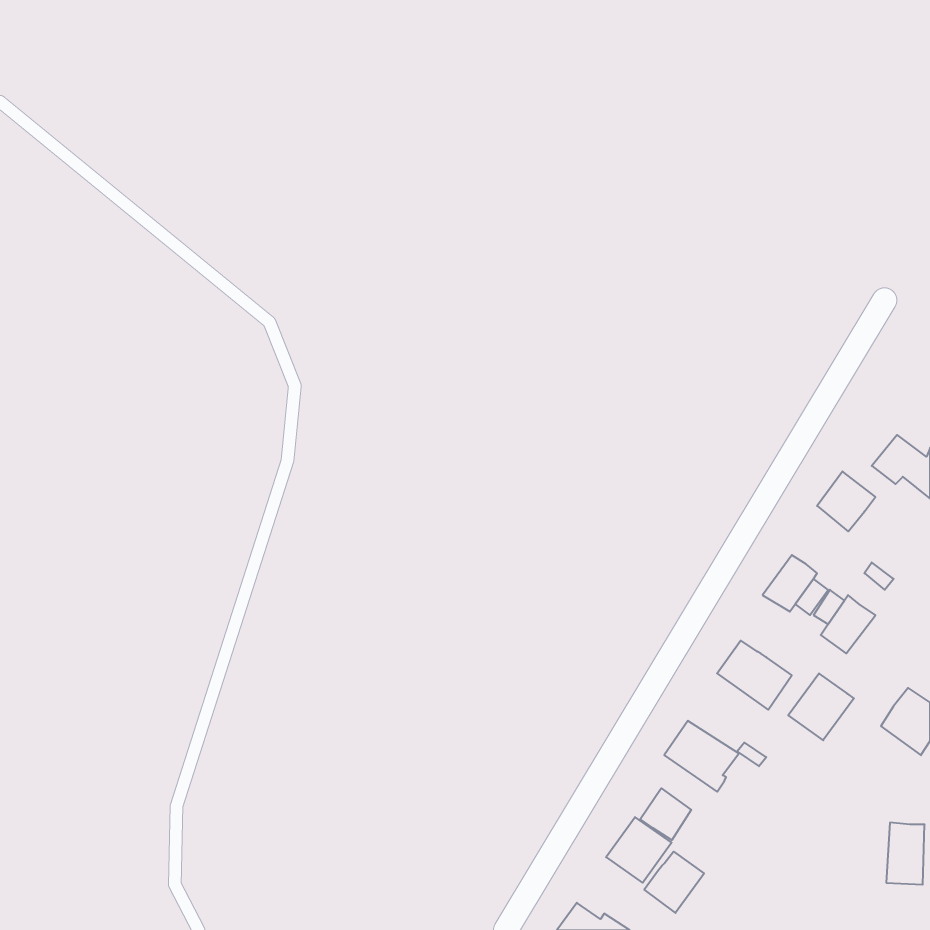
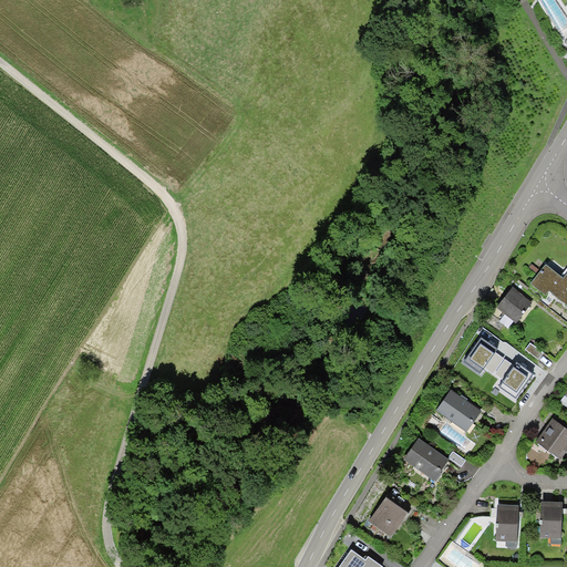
building: [788,673,854,740] -> none
building: [640,788,691,840] -> none
building: none -> [496,504,519,542]
building: [644,852,704,913] -> none

